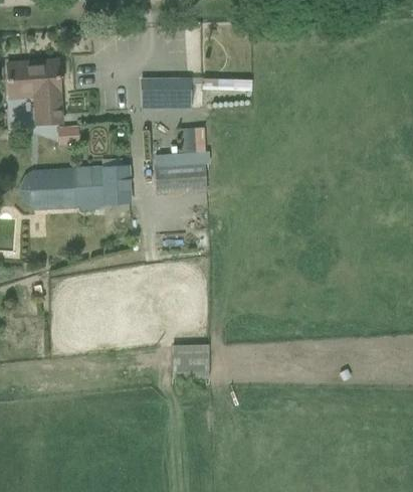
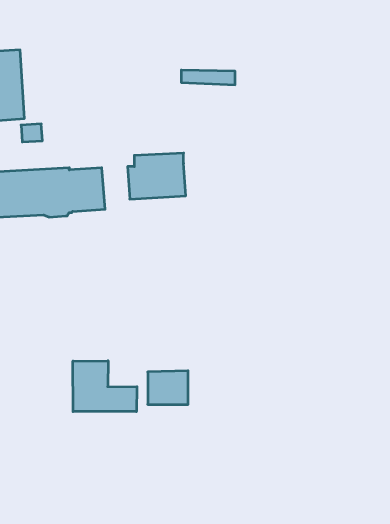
building: [142,79,187,109] -> none
building: [180,127,205,152] -> none
building: none -> [73,361,137,412]

